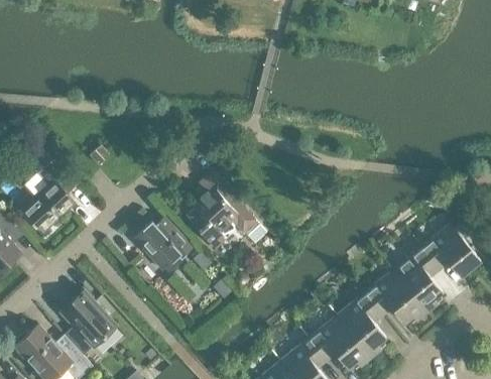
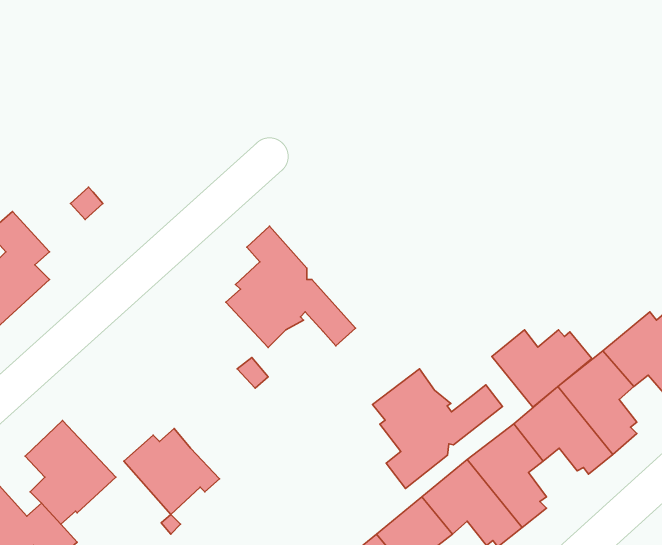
building: [133,218,193,271] -> [124,429,219,515]
building: none -> [492,330,592,407]
building: none -> [373,369,502,489]

